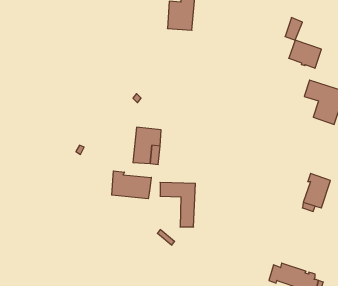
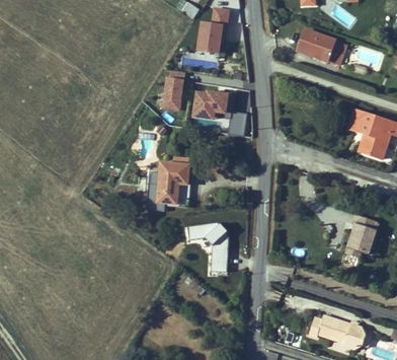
building: [289,40,321,68] -> [298,29,334,61]
building: none -> [162,70,183,111]
building: none -> [189,89,246,136]
building: [112,171,151,199] -> none

